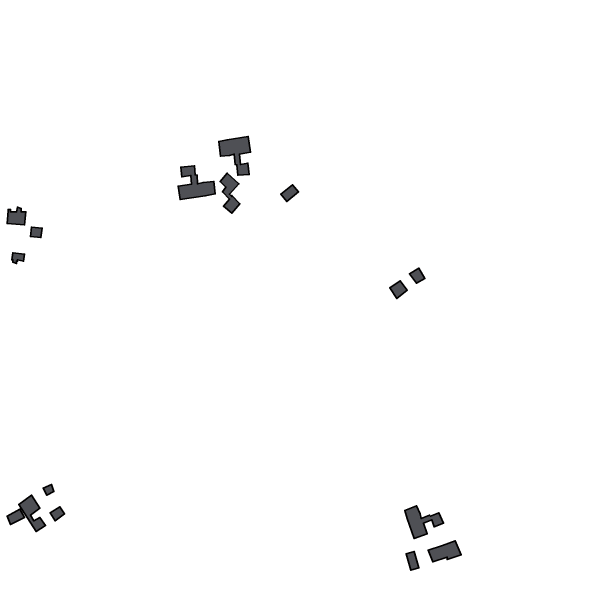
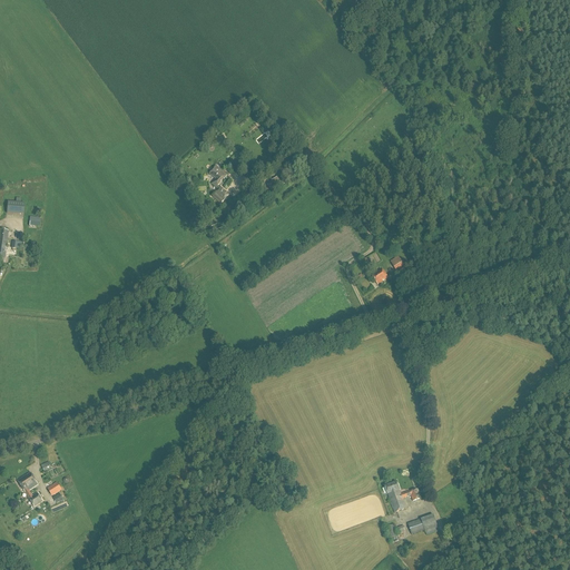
building: [219,136,250,175] -> none
building: [178,166,215,200] -> none

